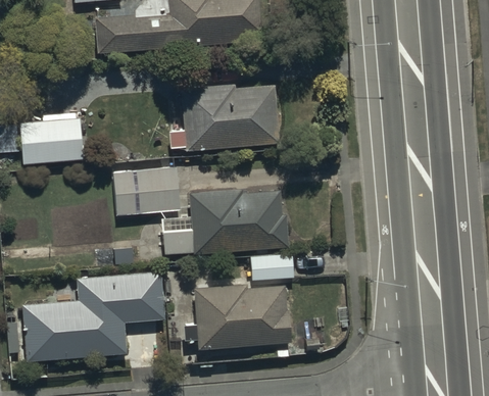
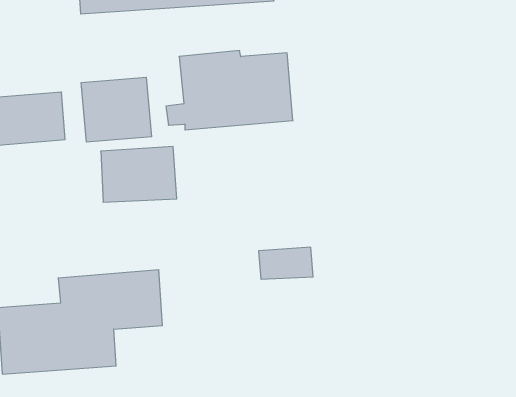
building: none -> [81,77,152,142]
building: [161,190,288,255] -> none
building: [194,284,293,350] -> none

